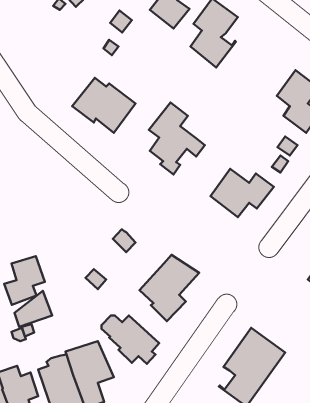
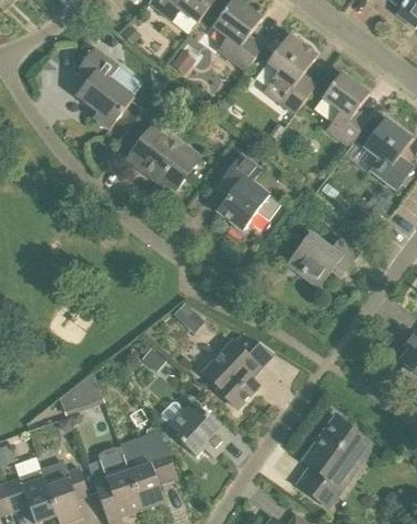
building: none -> [76,46,132,129]
building: none -> [322,72,369,146]
building: [4,256,45,305] -> none

